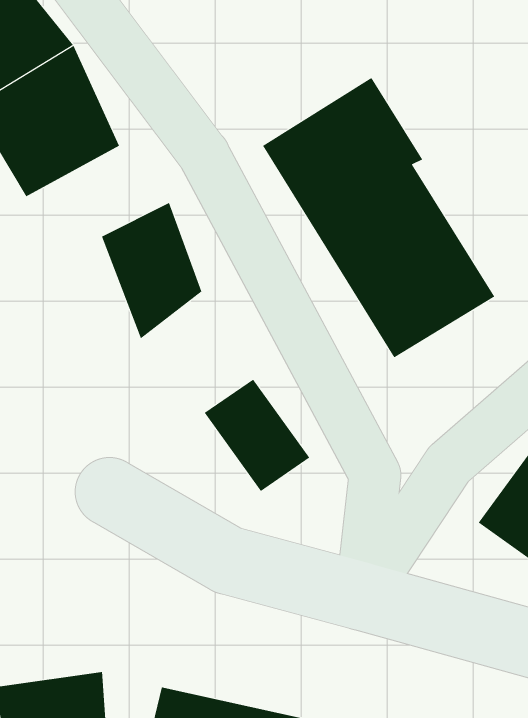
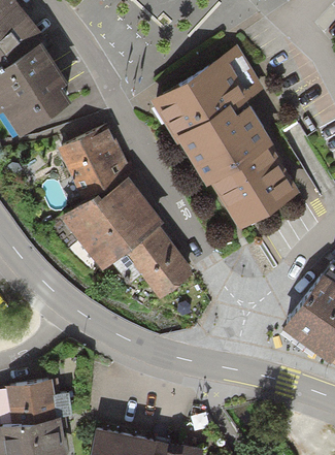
building: none -> [65,186,158,277]
building: none -> [6,380,56,415]

